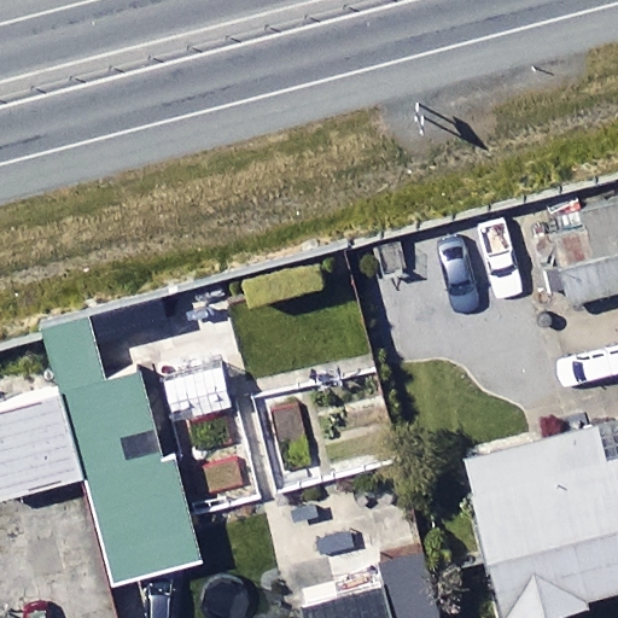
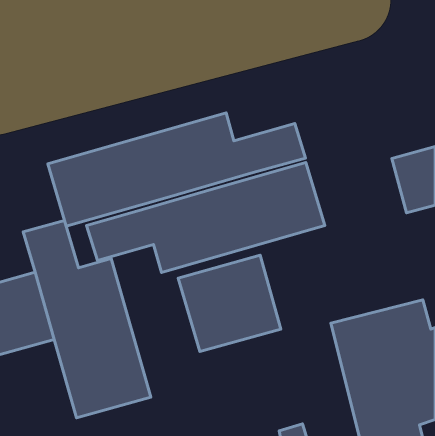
building: none -> [48,113,306,226]
building: none -> [87,162,325,273]

